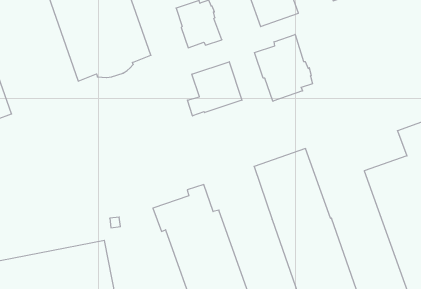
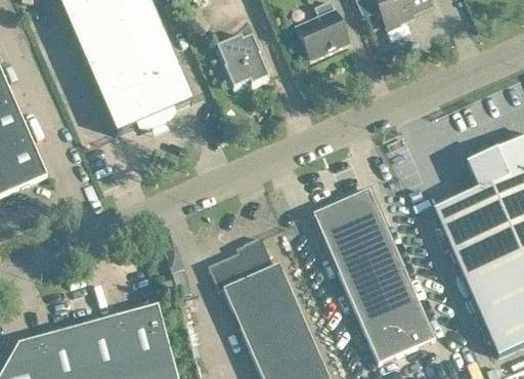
building: [255,34,312,101] -> none
building: [187,62,242,116] -> none

